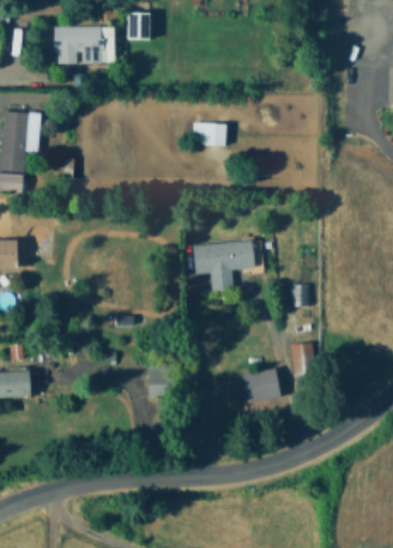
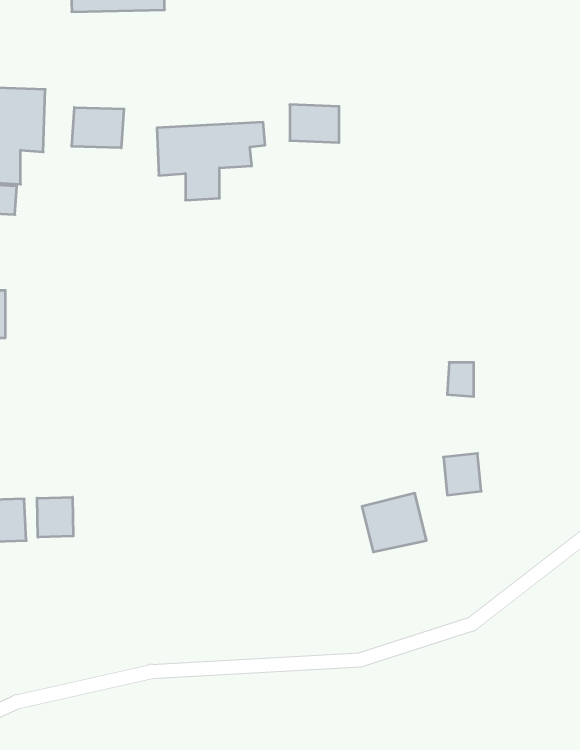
building: none -> [72,107,124,148]
building: [194,240,262,290] -> [157,122,265,200]
building: none -> [37,497,73,537]

